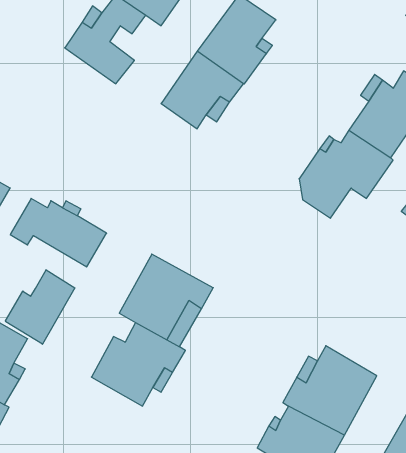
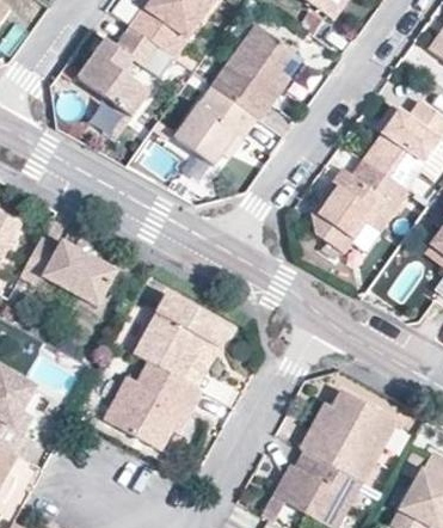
building: [6,270,75,344] -> none

